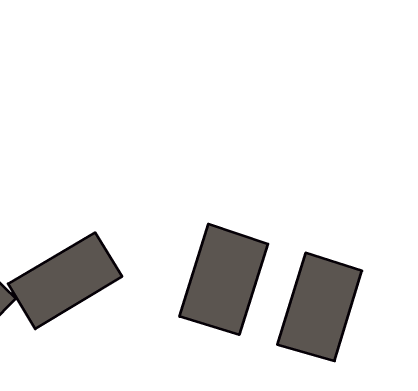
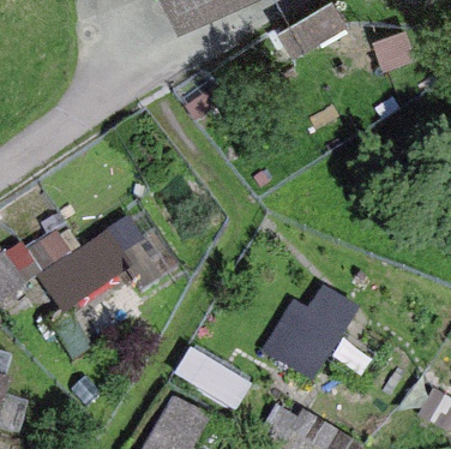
building: [180,224,268,335] -> none

